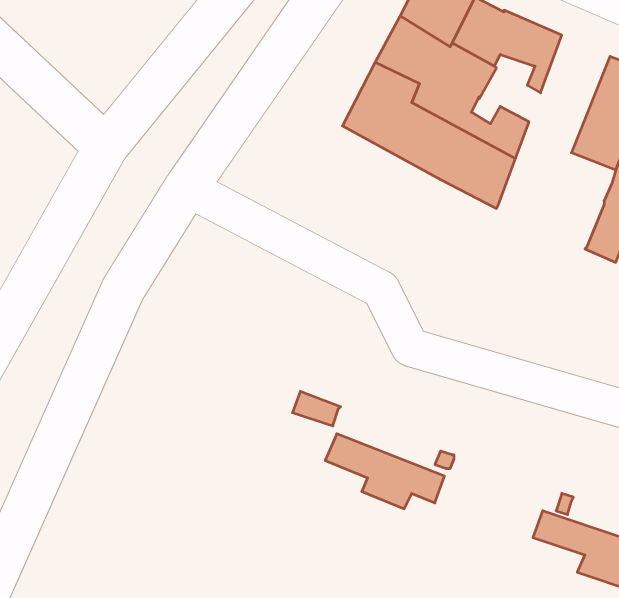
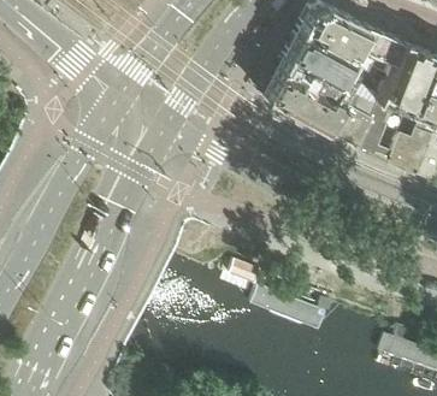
building: none -> [354,35,425,150]
building: none -> [383,129,421,167]

